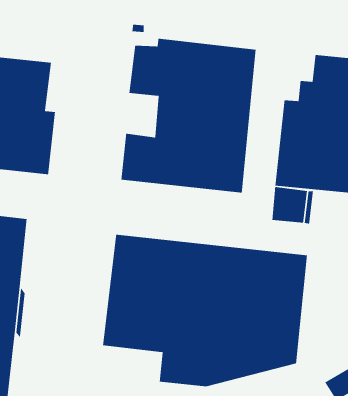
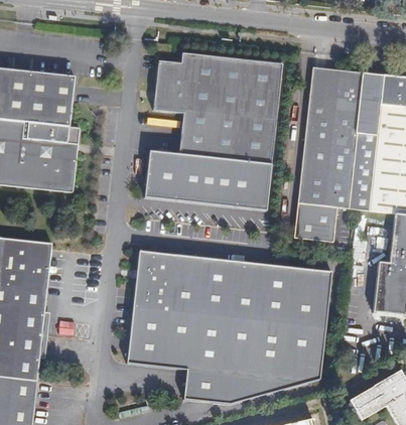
building: none -> [308,67,340,117]

